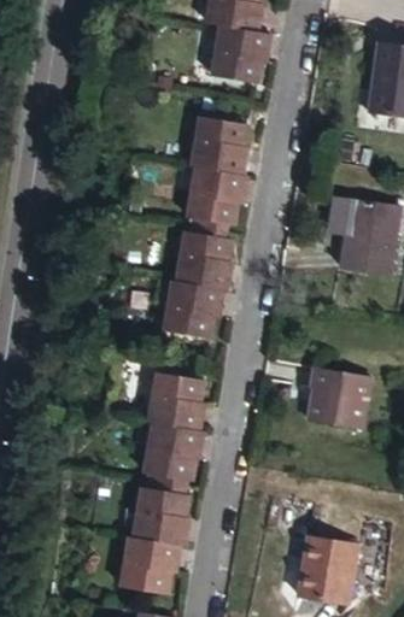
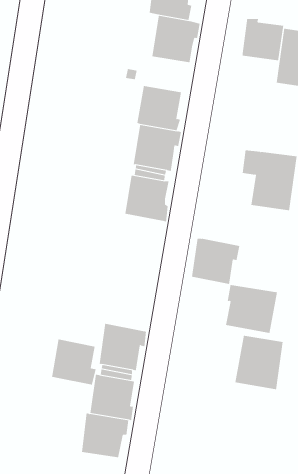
building: none -> [242,18,284,61]
building: [163,278,226,337] -> [191,238,240,284]
building: [147,369,205,428] -> [51,339,96,385]
building: [295,535,358,605] -> [235,335,284,390]

